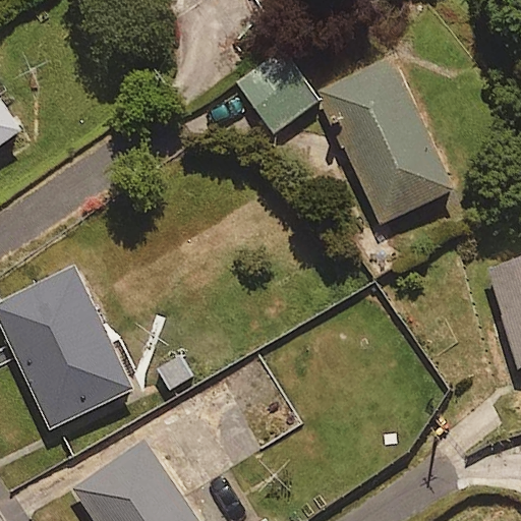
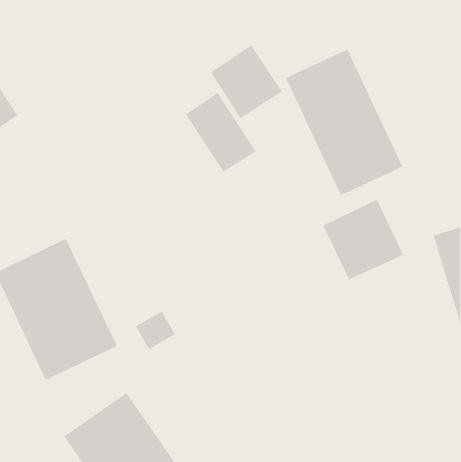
building: none -> [185,92,257,172]
building: none -> [323,199,404,280]

